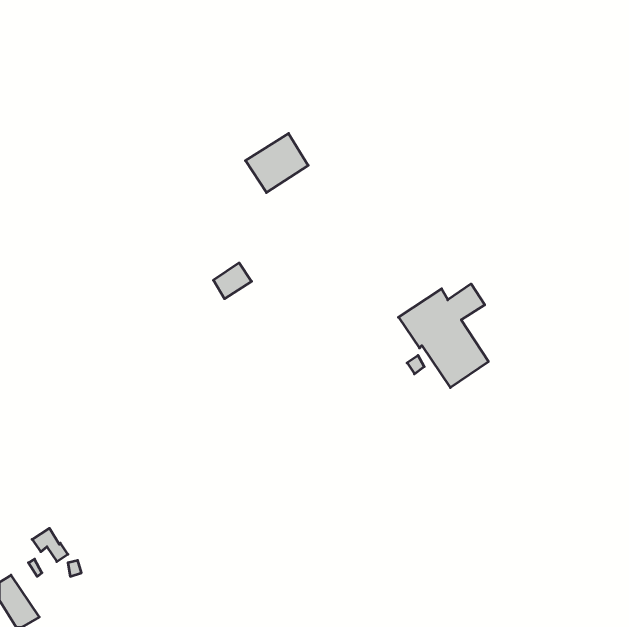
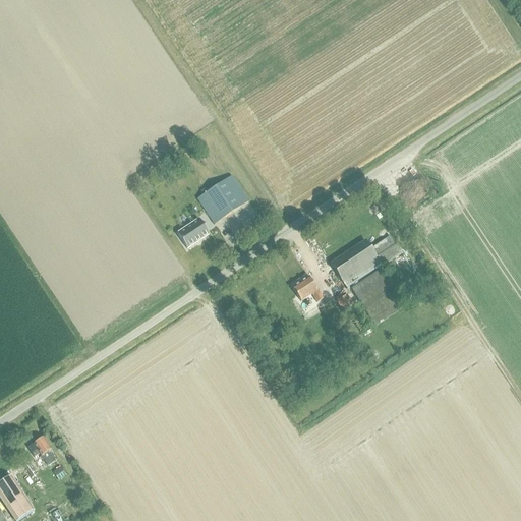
building: [245,133,308,193] -> [196,173,248,222]
building: none -> [291,275,322,300]

